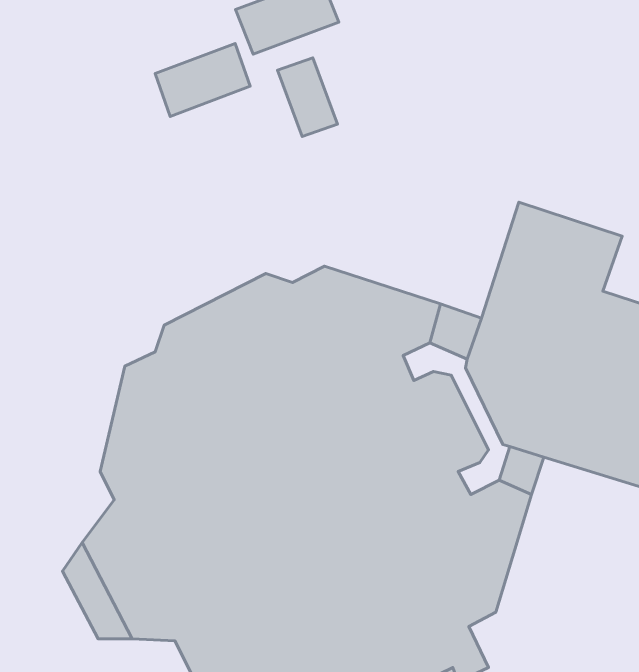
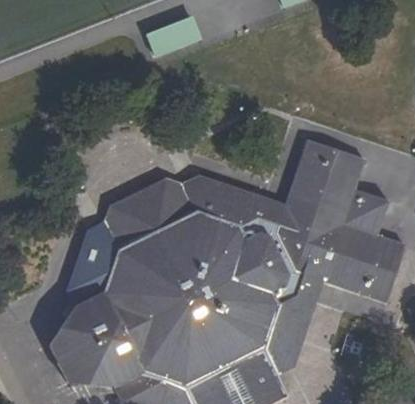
building: [155,44,250,116] -> none
building: [277,58,337,136] -> none

